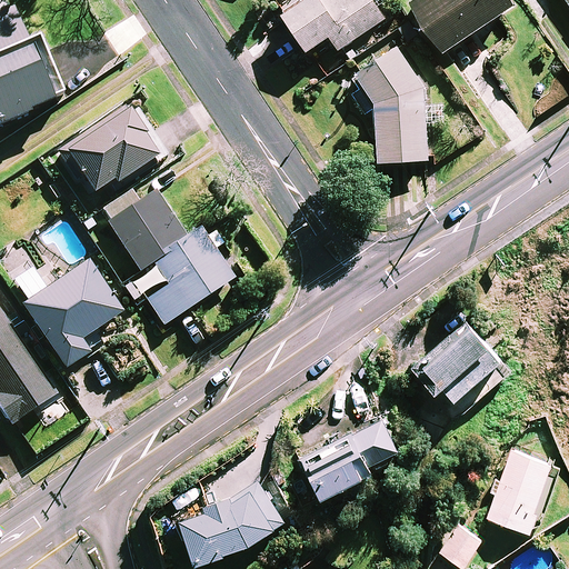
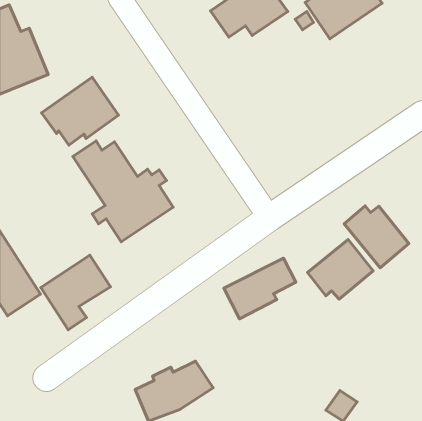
building: [356,46,442,162] -> none
building: [28,270,121,370] -> [41,255,110,330]
building: none -> [344,206,409,268]
building: [301,418,398,499] -> [224,258,296,319]
building: [485,448,558,535] -> none

